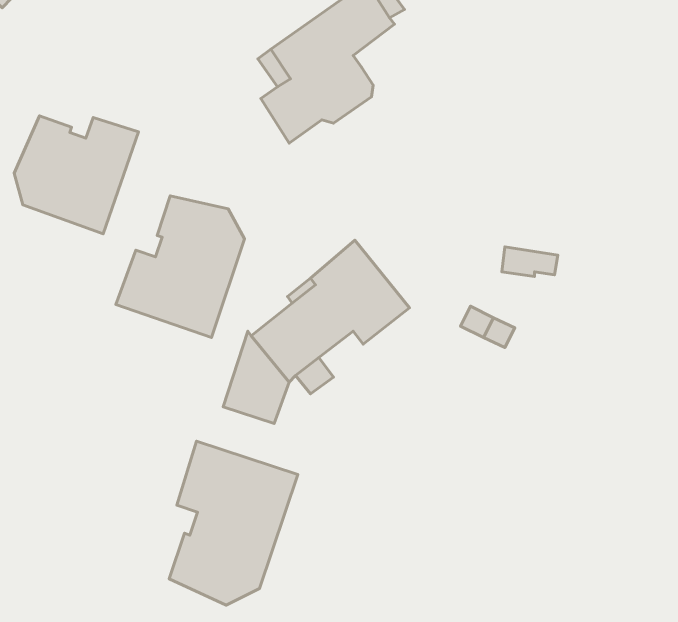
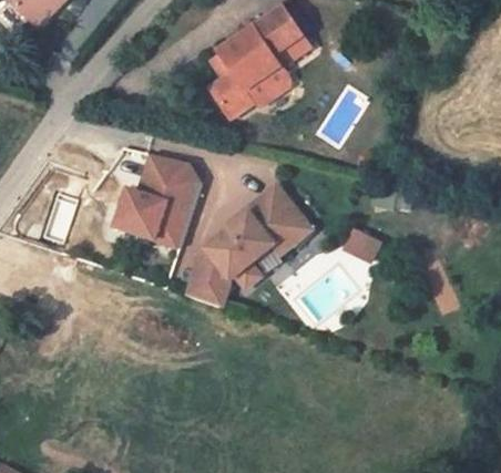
building: [14,116,138,234] -> none
building: [169,441,298,605] -> none

